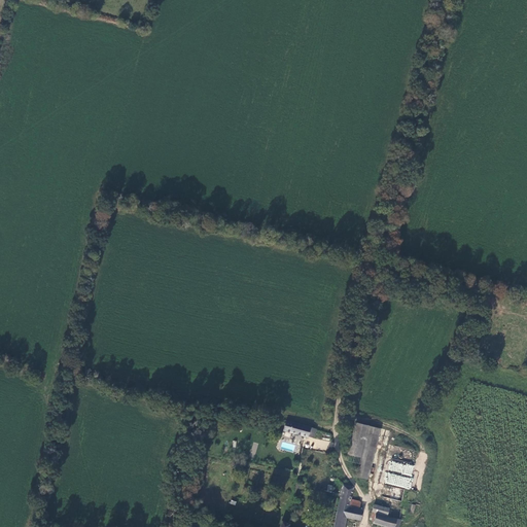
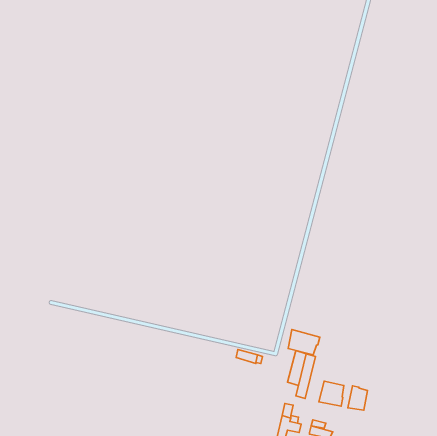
building: none -> [288,330,320,355]
building: none -> [348,386,367,410]

